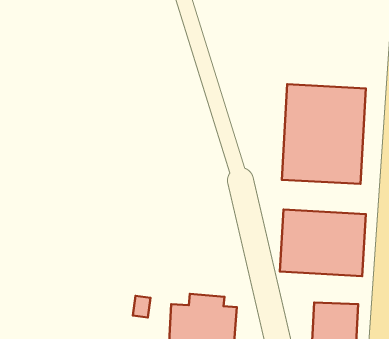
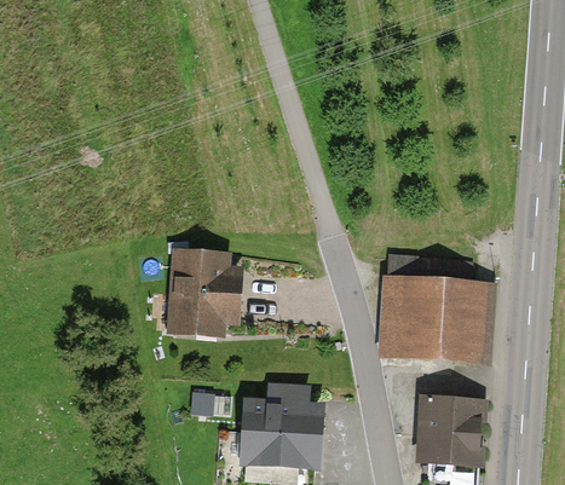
building: [282,84,366,184] -> none
building: none -> [167,246,244,335]

